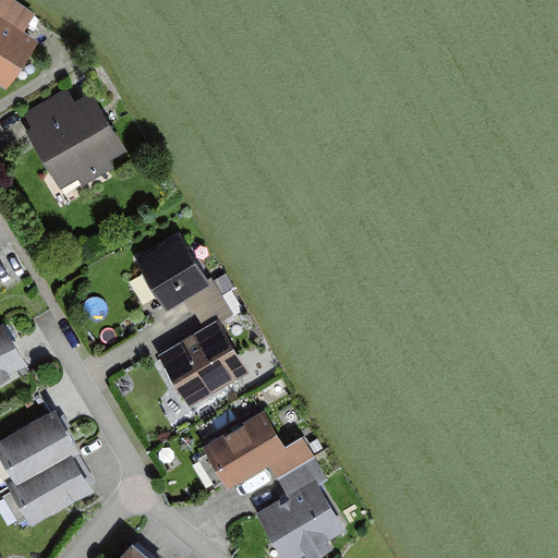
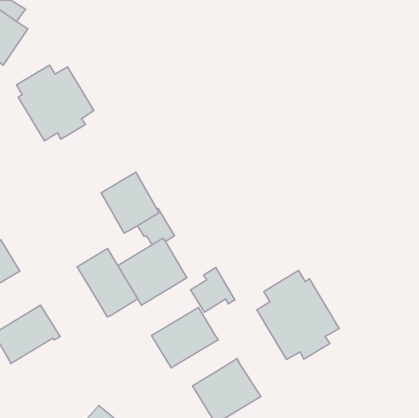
building: none -> [77,249,138,317]
building: none -> [257,270,339,359]
building: [267,437,326,496] -> [190,268,235,312]
building: [5,451,94,526] -> none

